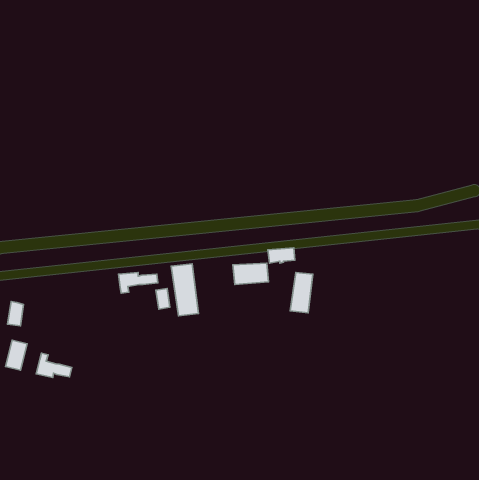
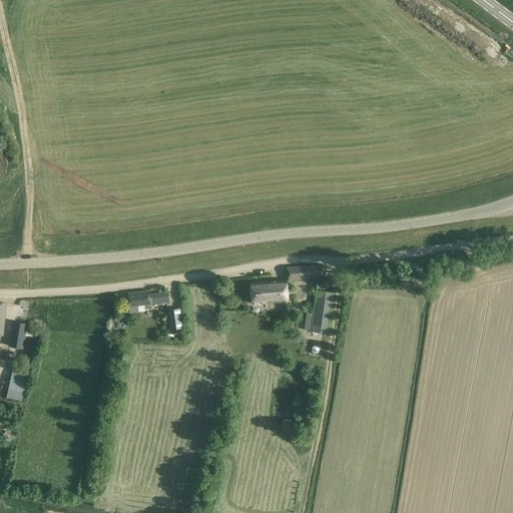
building: [171,264,199,316] -> none
building: [36,353,72,377] -> none

